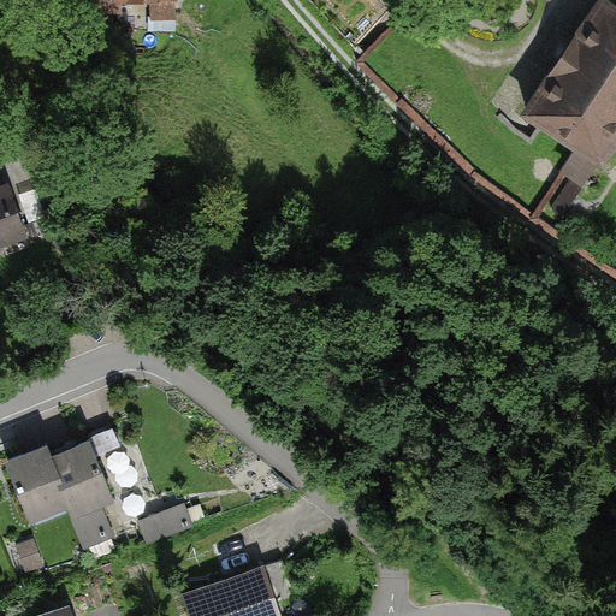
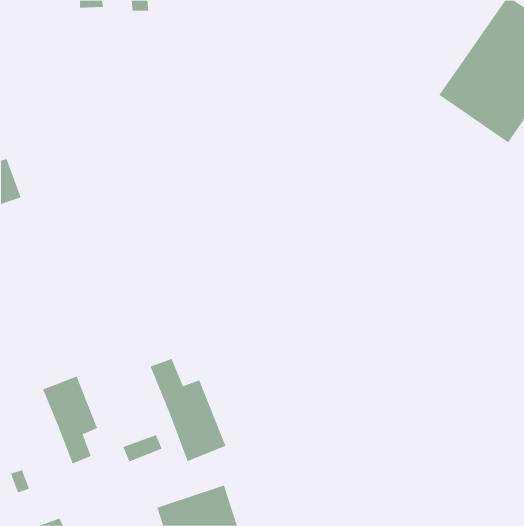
building: none -> [150,358,226,462]
building: [10,443,70,514] -> none

